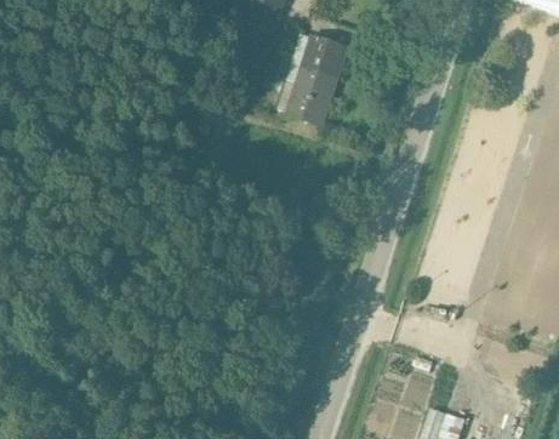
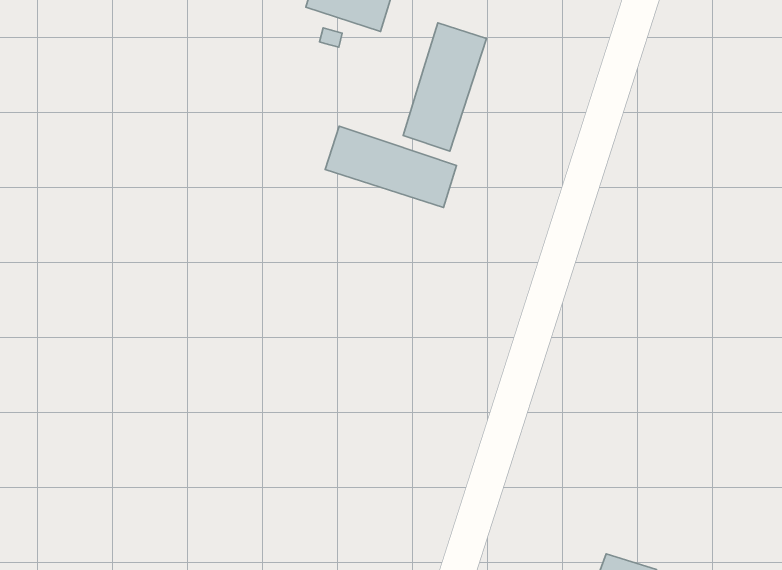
building: none -> [325,126,457,207]

